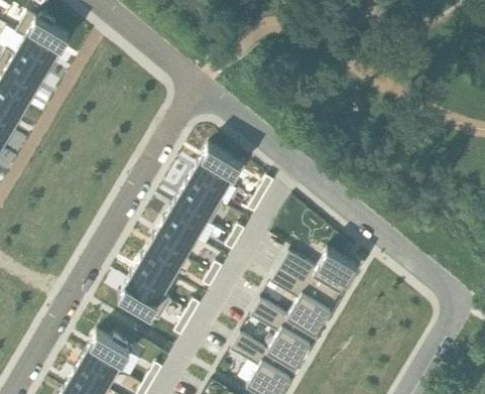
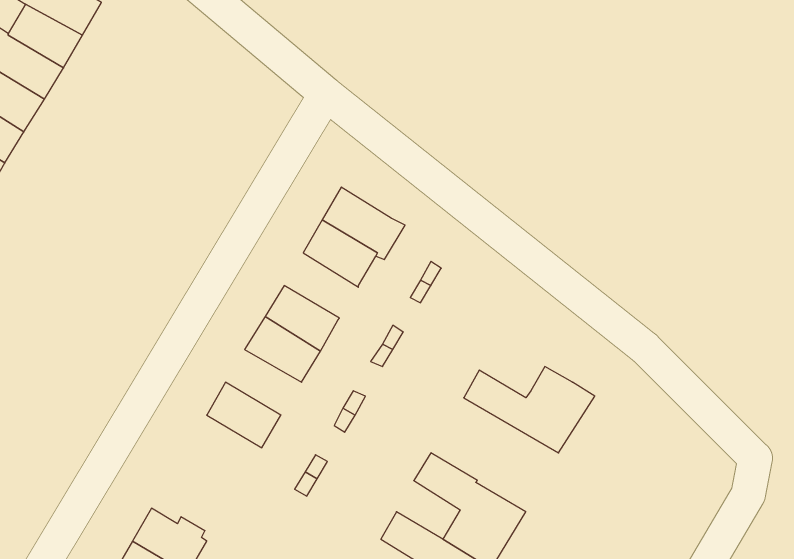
building: [173,184,222,226] -> none
building: [139,241,184,279] -> none
building: [269,269,334,336] -> none
building: [117,279,168,322] -> none

